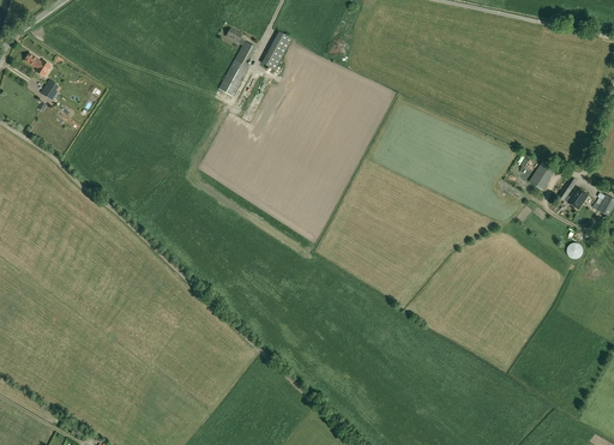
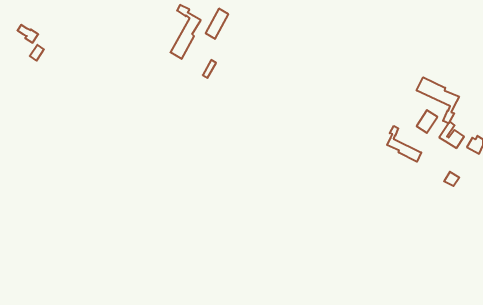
building: none -> [417,77,459,124]
building: none -> [387,126,421,162]

